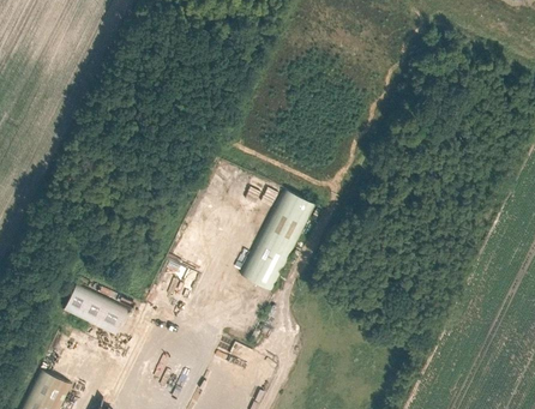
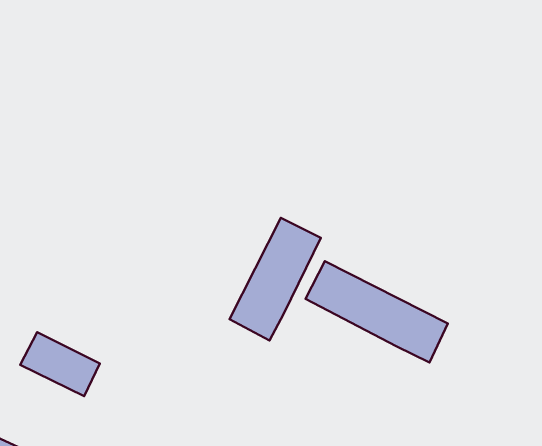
building: none -> [305,261,448,363]

